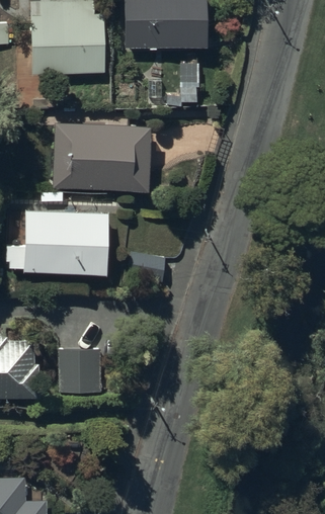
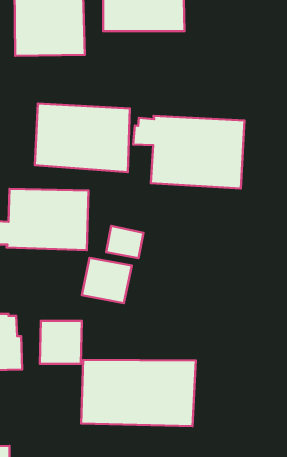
building: none -> [133,116,244,189]
building: none -> [82,258,132,303]
building: none -> [81,360,196,426]

